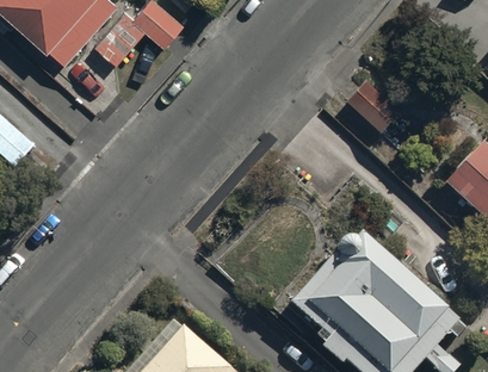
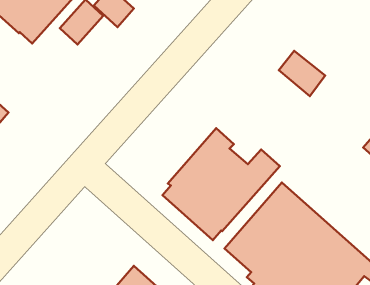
building: none -> [163,128,280,240]

